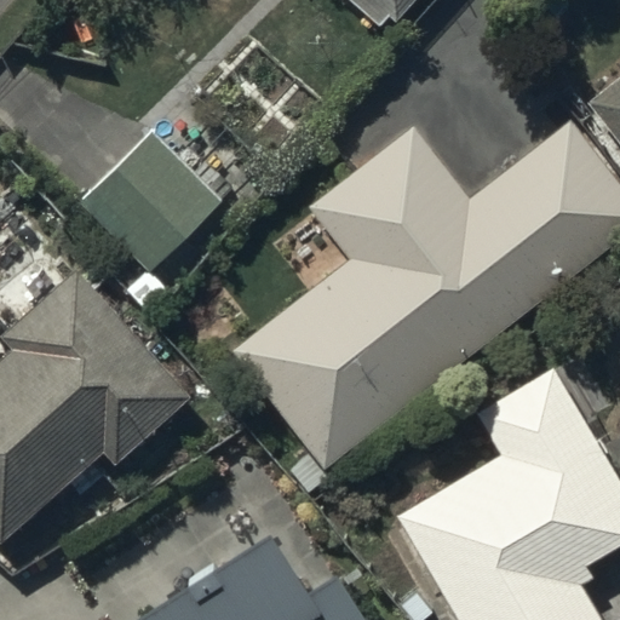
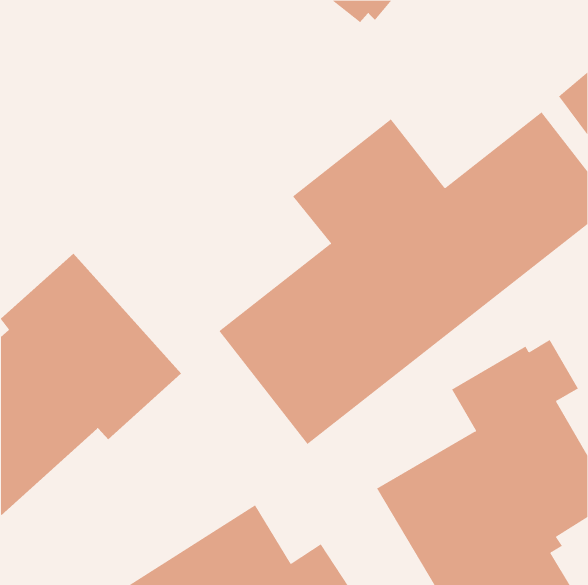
building: [78,131,225,274] -> none

